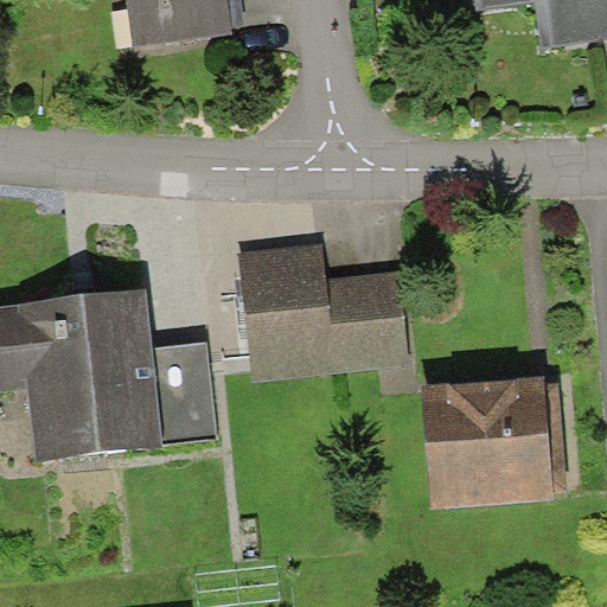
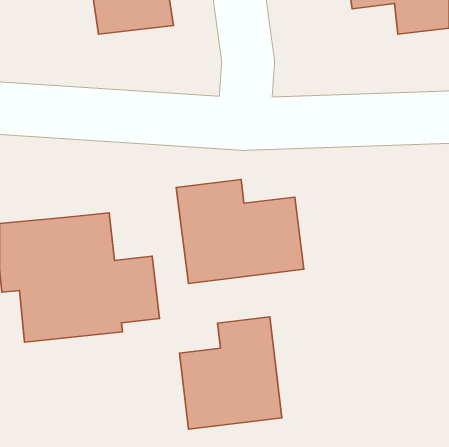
building: [426,382,551,507] -> none
building: none -> [179,317,282,429]

